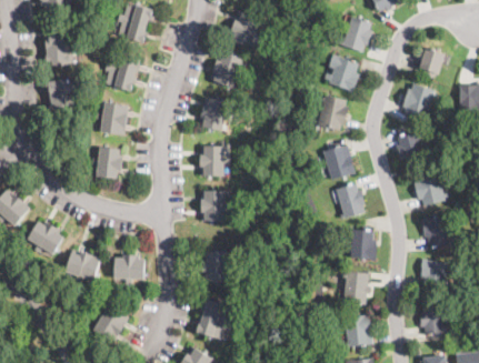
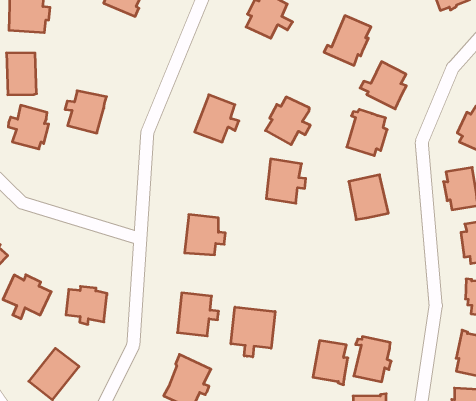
building: [338,16,372,53] -> [324,16,371,65]
building: [106,51,139,91] -> none
building: [210,52,245,89] -> [265,97,310,145]
building: [200,145,229,178] -> [266,159,306,203]
building: [91,147,122,179] -> [8,105,49,149]
building: [336,183,365,220] -> none
building: [350,229,376,261] -> [313,341,348,385]
building: none -> [231,307,275,357]

